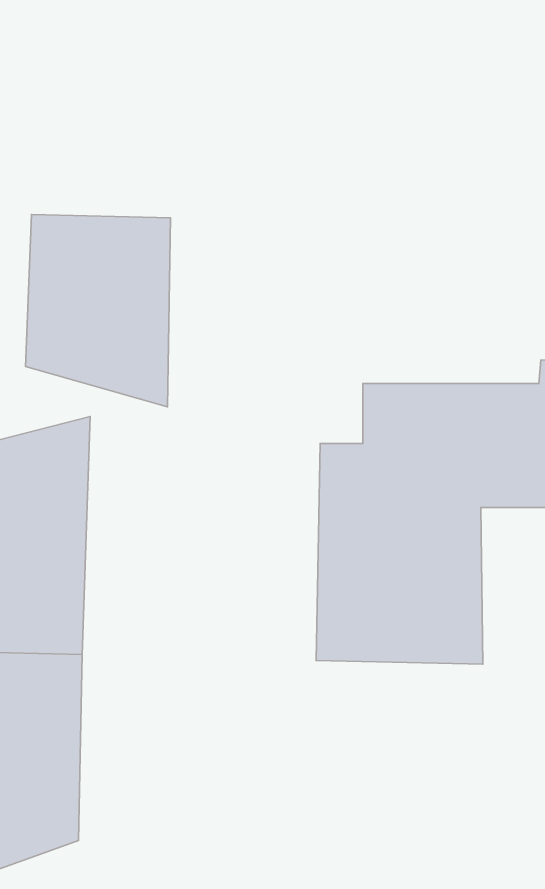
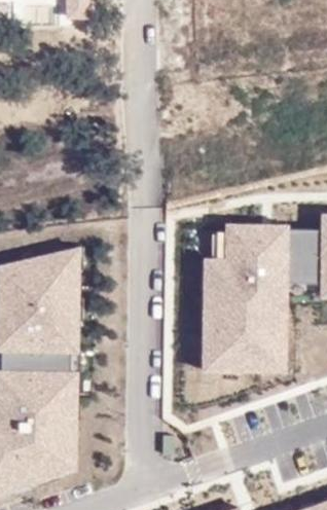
building: [25,215,170,407] -> none

